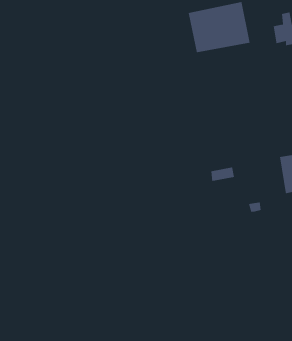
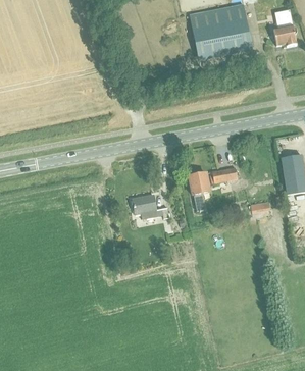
building: none -> [189,171,209,209]
building: none -> [132,194,168,217]

